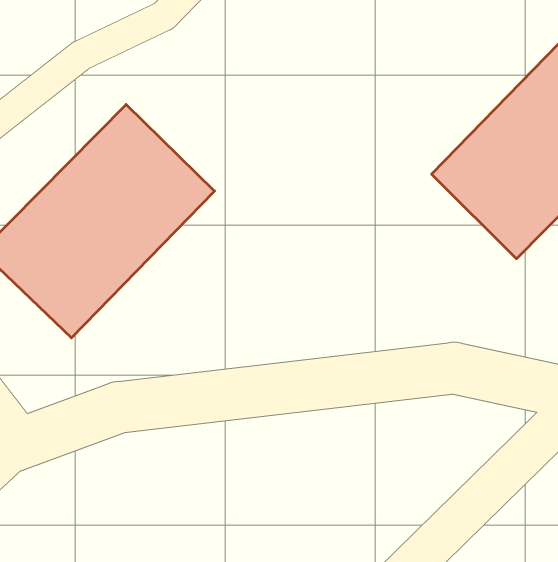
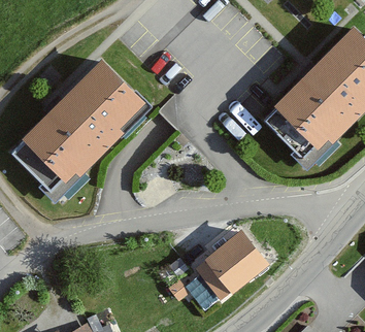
building: none -> [192,232,264,301]

